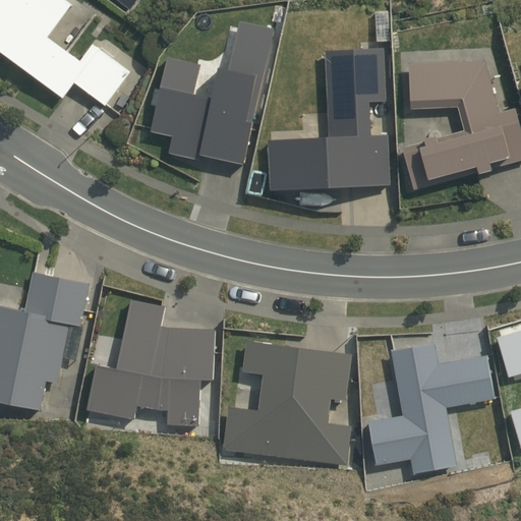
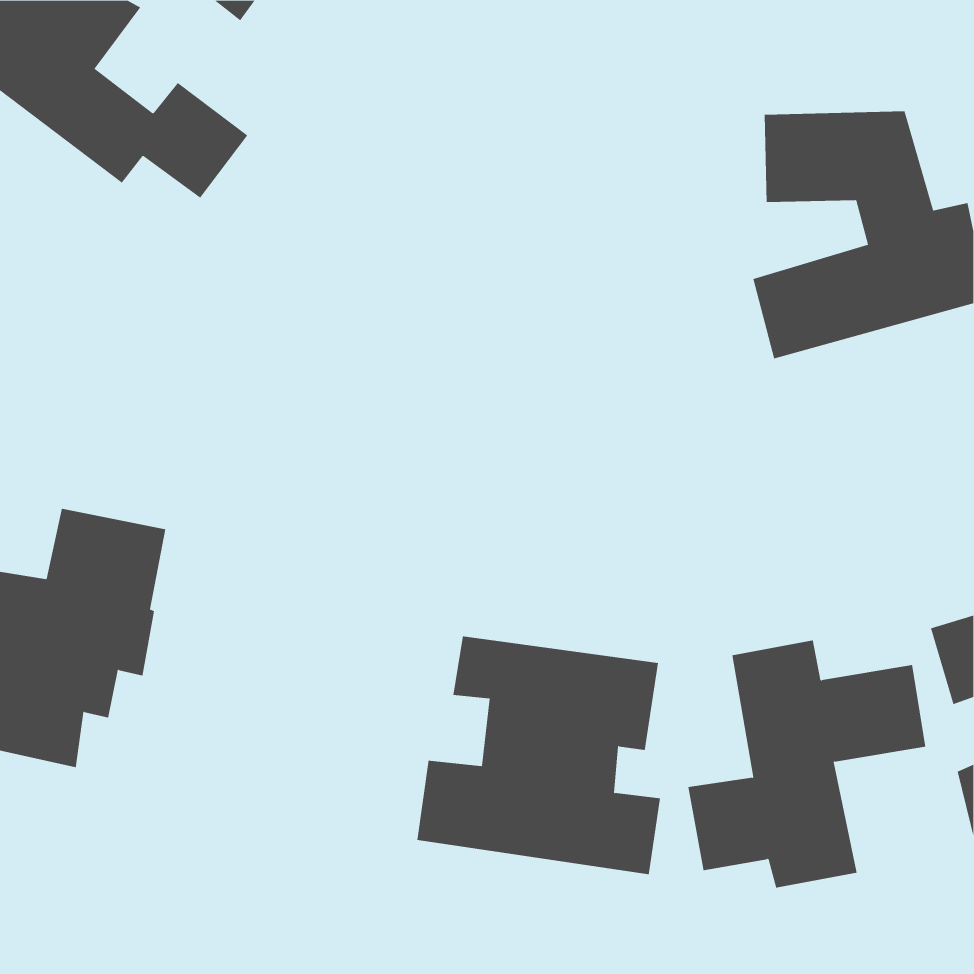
building: [149,22,273,166] -> none
building: [266,49,390,192] -> none
building: [86,299,214,425] -> none

